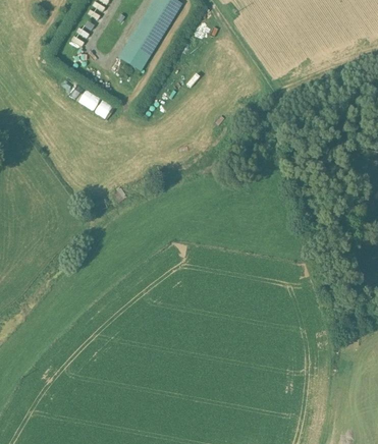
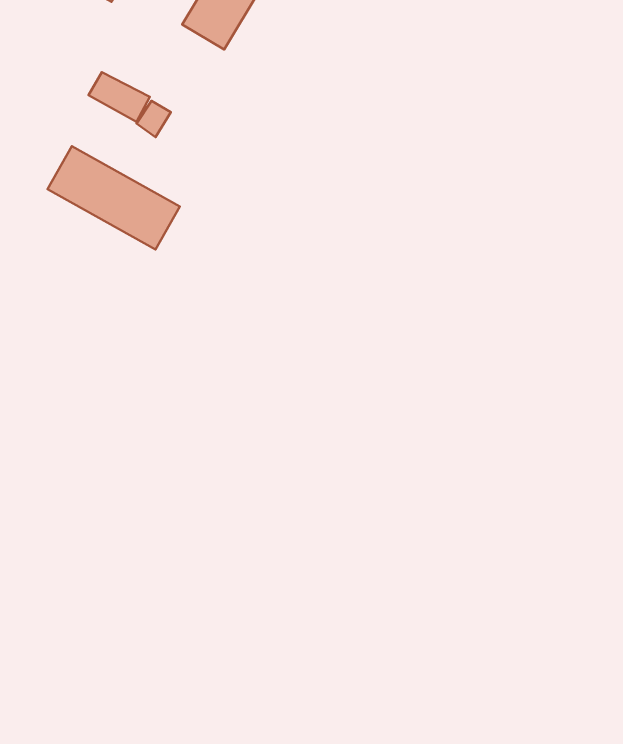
building: none -> [48,146,180,249]

